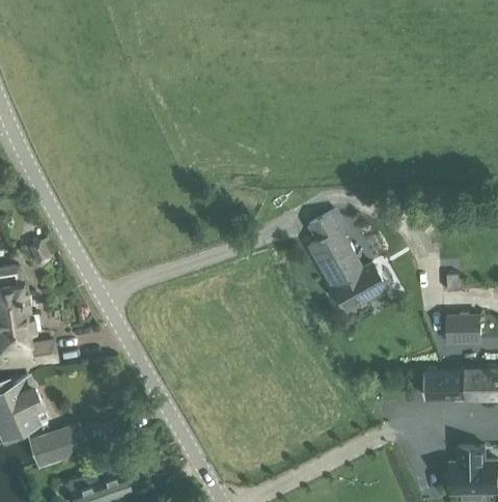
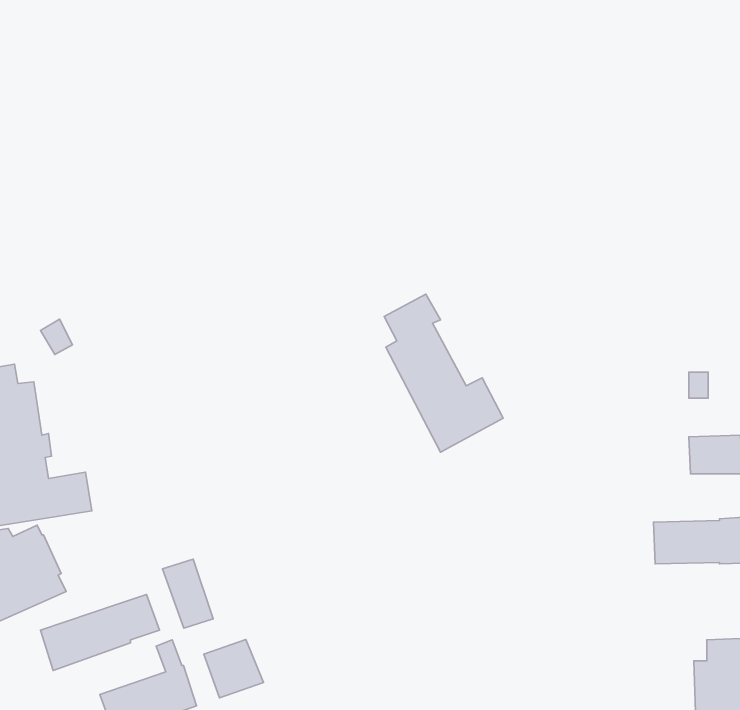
building: [307,210,384,311] -> [384,294,503,452]
building: none -> [163,559,213,628]
building: none -> [204,639,264,698]

